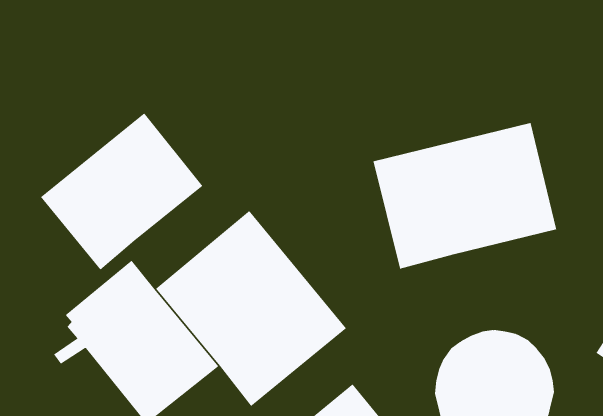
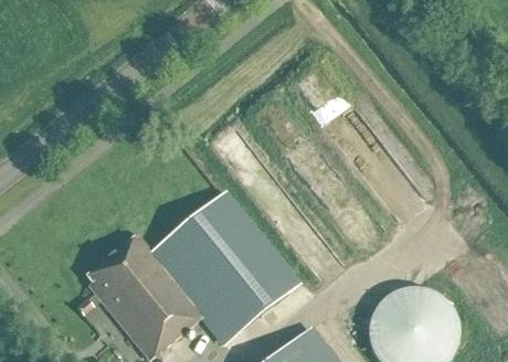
building: [40,113,203,271] -> none
building: [373,122,557,269] -> none

